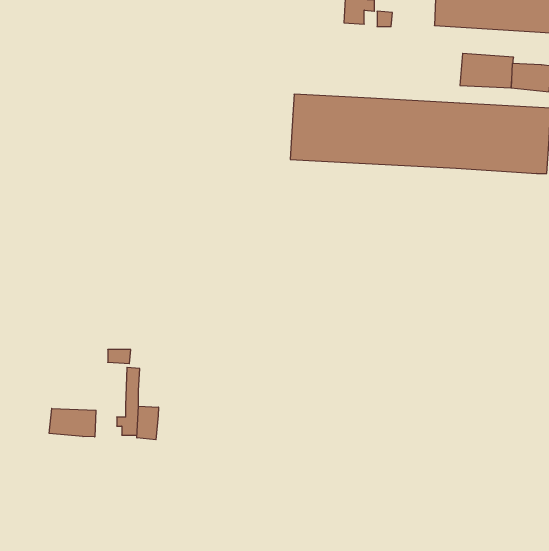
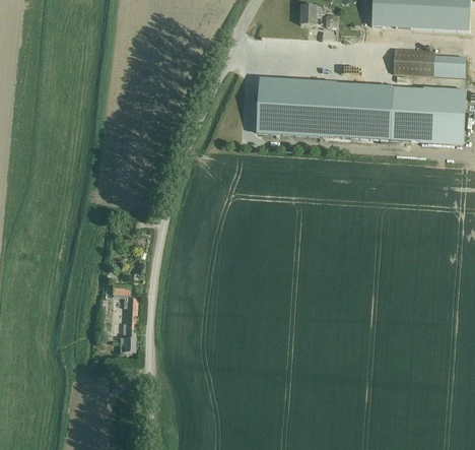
building: [137,406,158,440] -> none
building: [49,408,96,437] -> none

